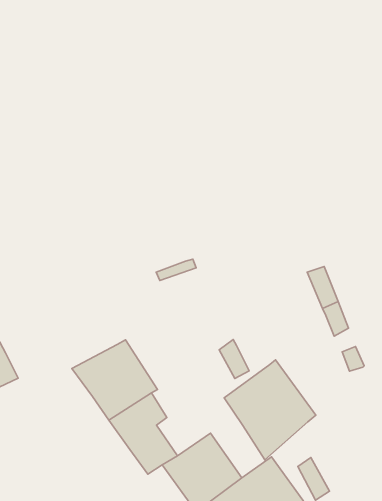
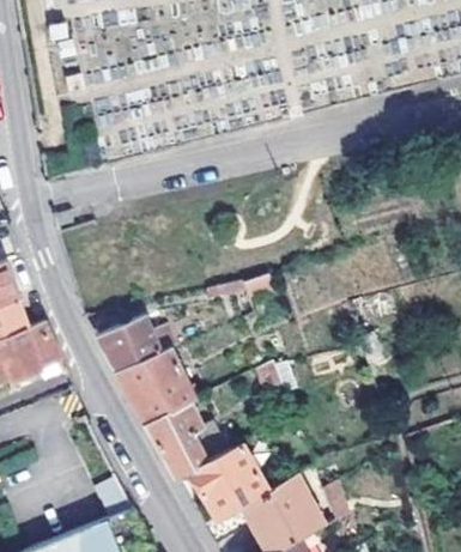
building: none -> [97,314,162,369]
building: [224,360,316,460] -> none

